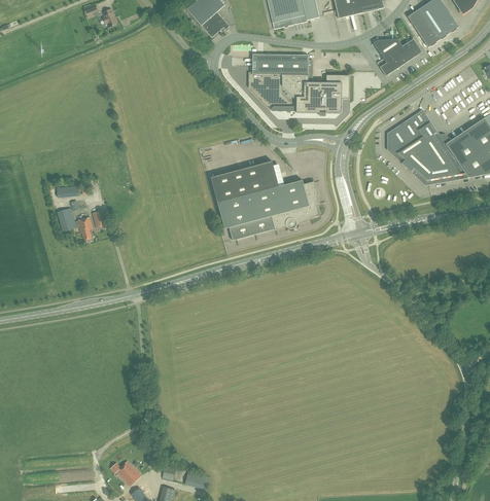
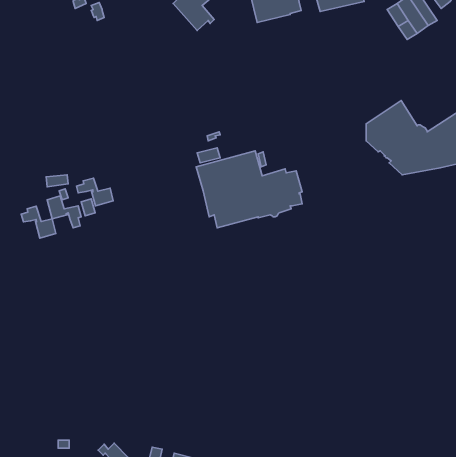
building: [374,38,422,75] -> none
building: [248,53,349,112] -> none
building: none -> [77,178,113,206]
building: none -> [21,206,56,238]

